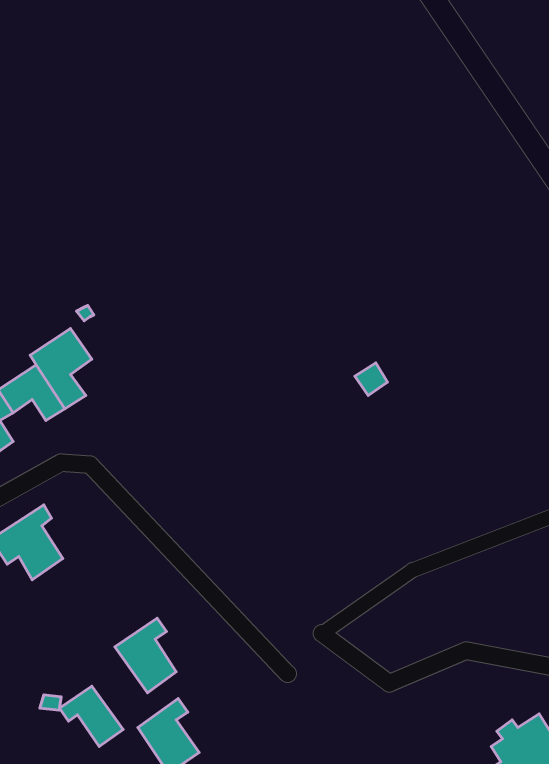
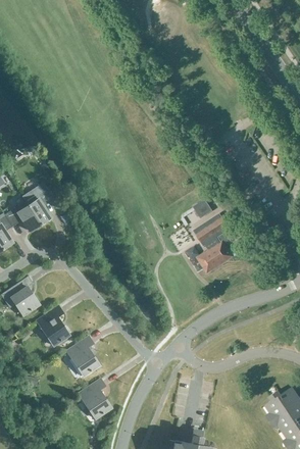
building: none -> [193,214,232,272]
building: none -> [36,306,68,345]
building: [60,686,123,746] -> none

